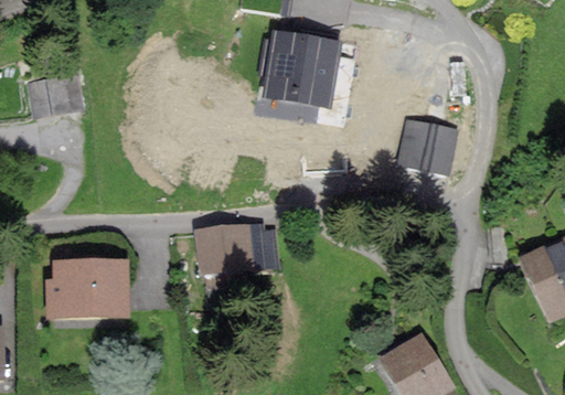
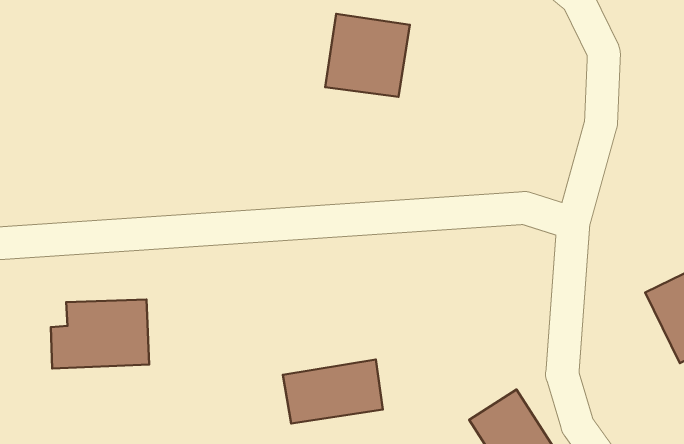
building: [33,73,76,110] -> none
building: [396,119,456,173] -> none
building: [185,224,265,275] -> [283,360,383,423]

